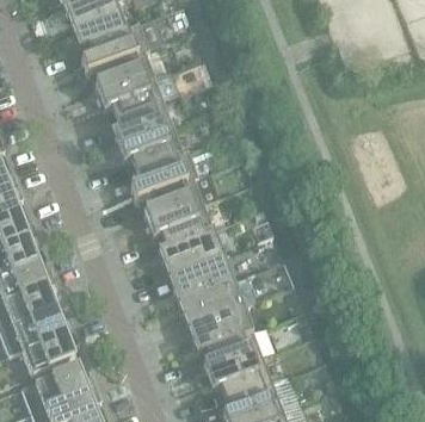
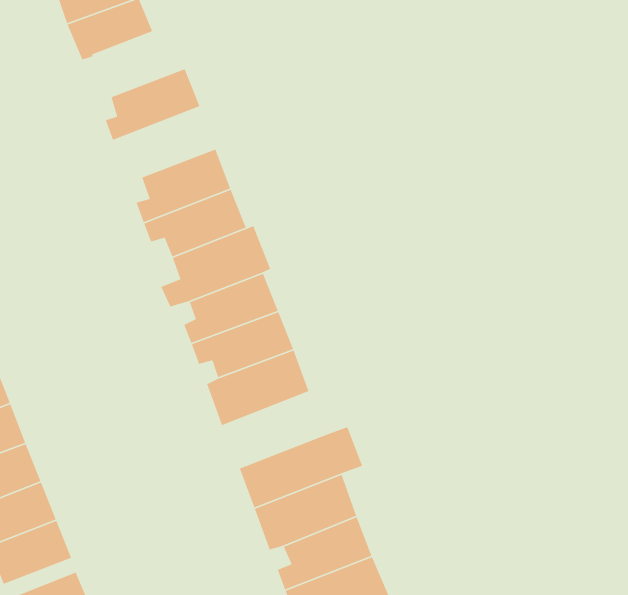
building: [81,24,150,76] -> none
building: [100,77,165,122] -> none
building: [168,255,234,303] -> none

